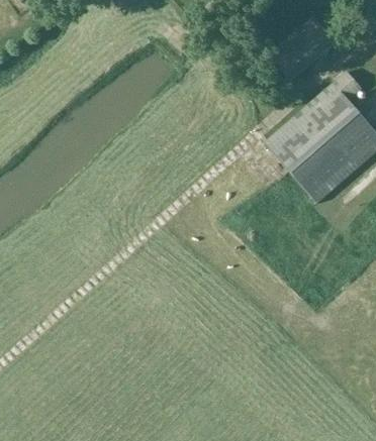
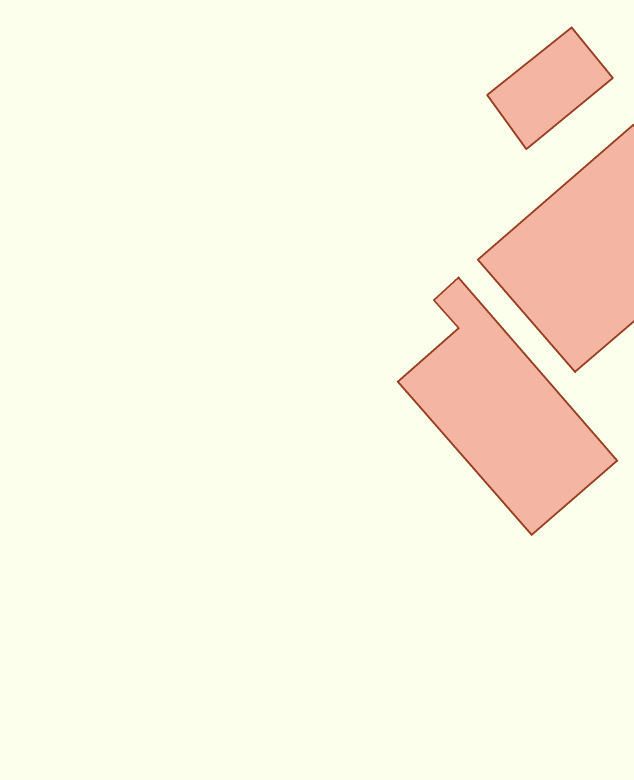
building: none -> [398,277,617,535]

